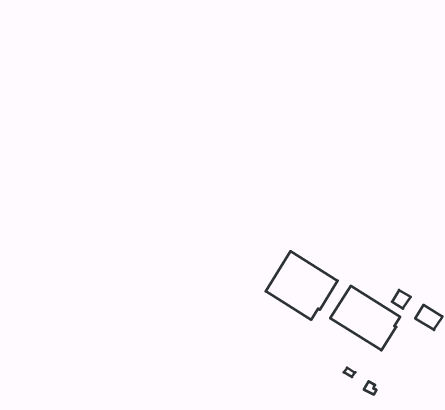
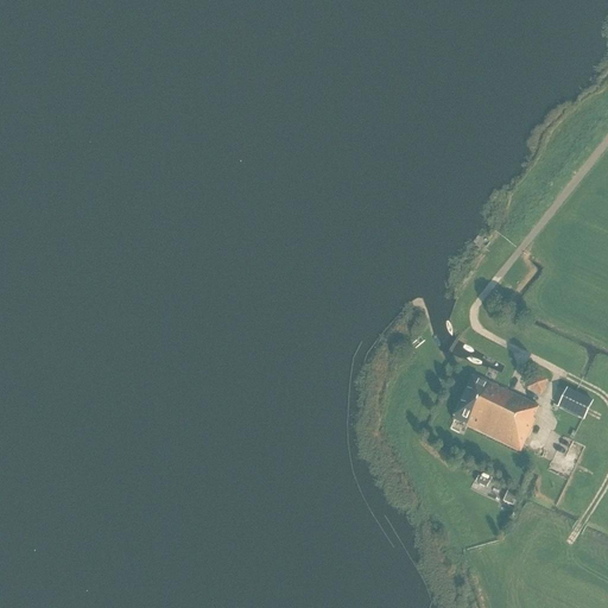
building: [266,251,338,320] -> none

